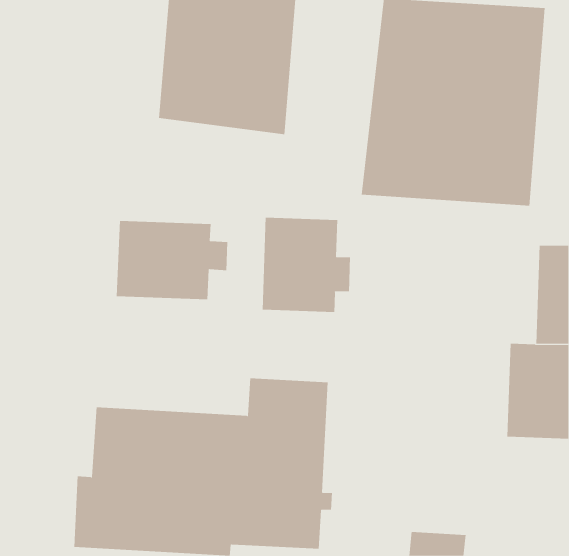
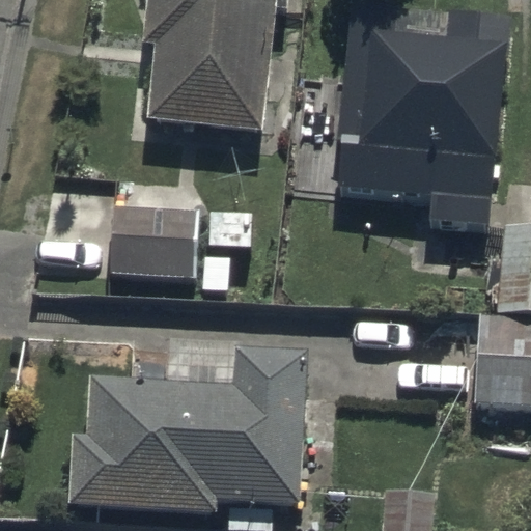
building: [262,217,351,313] -> none

